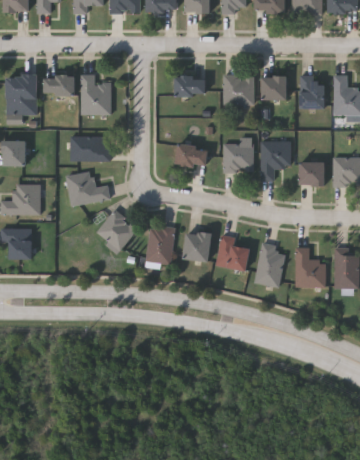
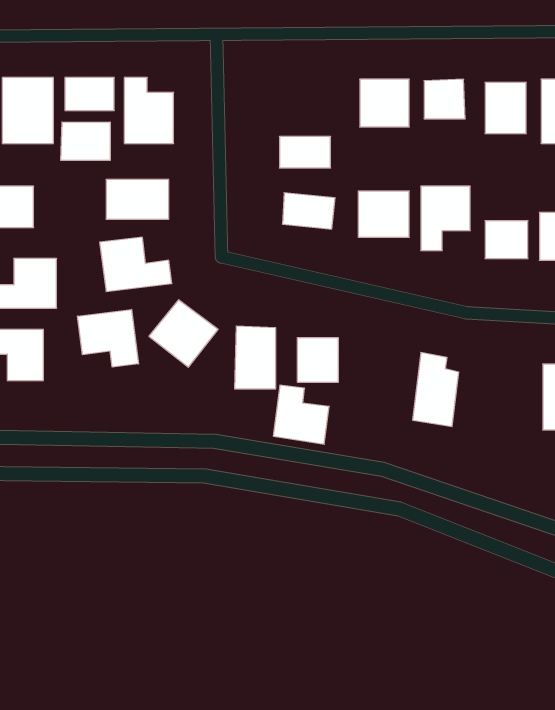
building: [175,77,206,96] -> [279,137,331,168]
building: none -> [61,122,110,160]
building: none -> [78,309,138,367]
building: [216,235,250,271] -> [273,385,329,444]
building: [295,247,325,287] -> none

